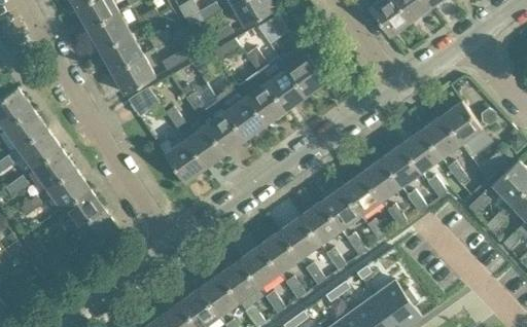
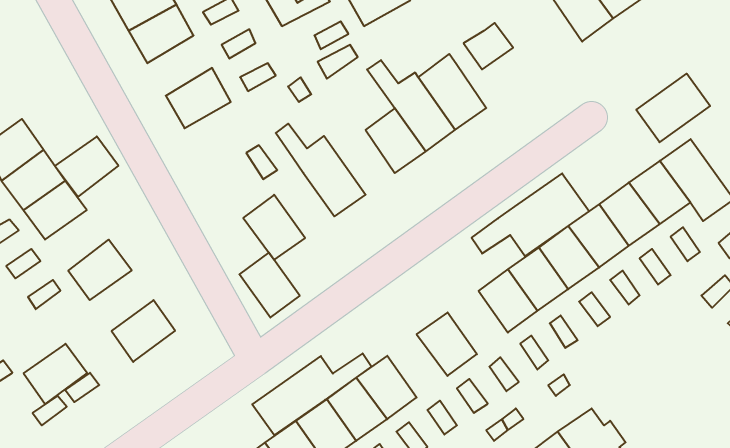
building: [257,14,290,45] -> [464,23,513,69]
building: [100,33,143,73] -> none
building: none -> [636,74,710,142]
building: [215,83,265,139] -> none
building: [128,87,161,118] -> none
building: [184,124,224,168] -> [239,253,300,318]
building: none -> [472,173,589,256]
building: [32,149,74,189] -> [55,136,118,197]
building: [62,189,104,229] -> [24,344,87,404]
building: [300,203,340,245] -> none
building: [259,231,300,274] -> none
building: none -> [252,353,371,435]

